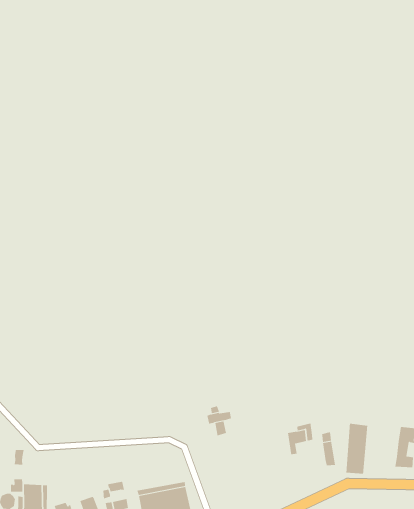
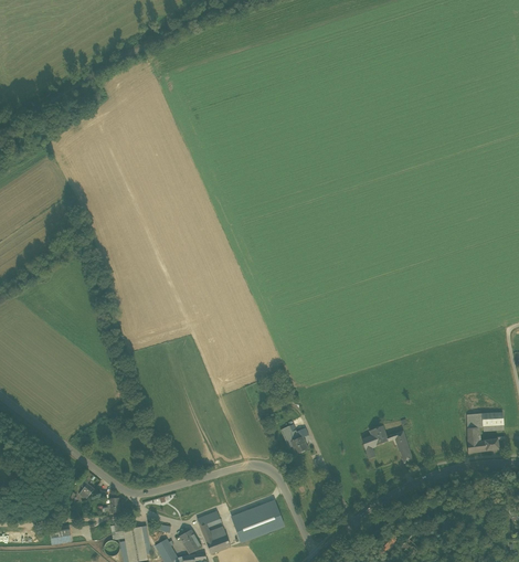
building: [346,423,368,474] -> none

